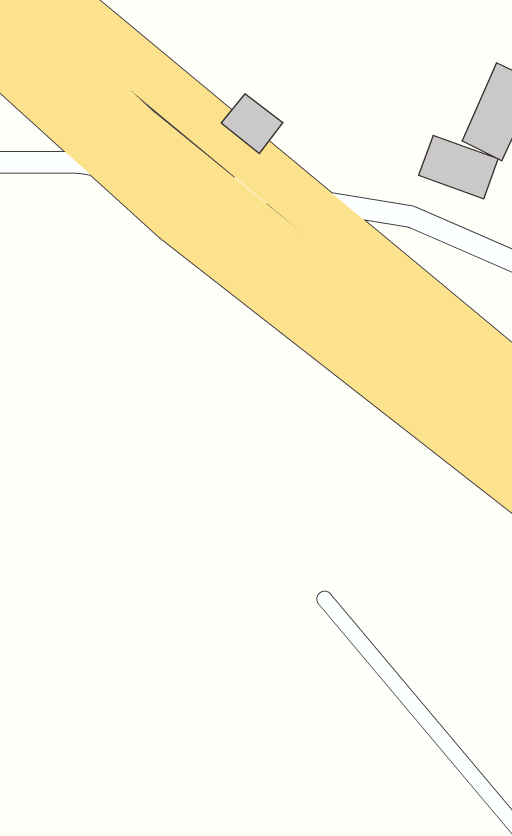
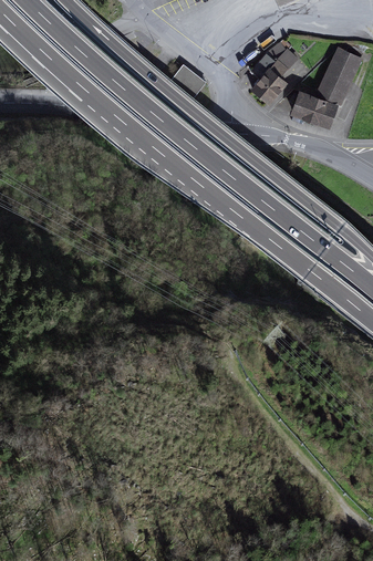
building: none -> [251,40,299,103]

